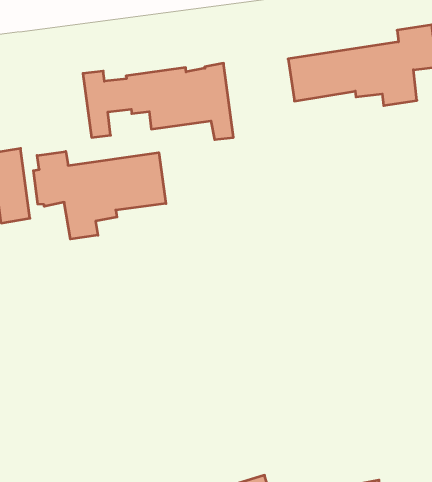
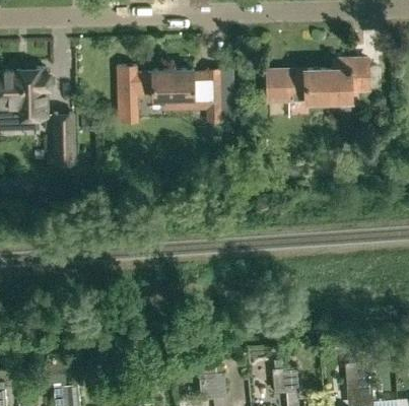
building: [33,151,166,239] -> none

